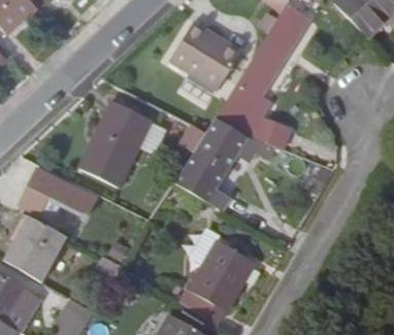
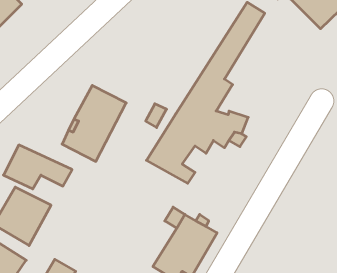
building: [173,19,245,85] -> none

